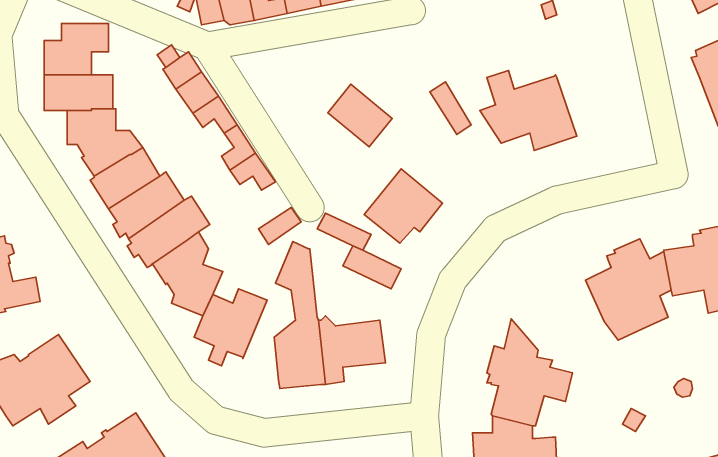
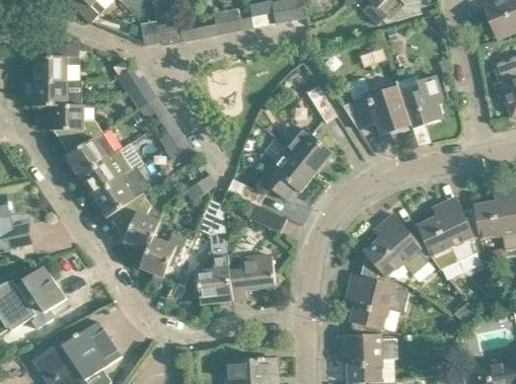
building: none -> [397,76,443,129]
building: [328,84,392,147] -> [287,128,333,172]
building: none -> [364,214,429,278]

